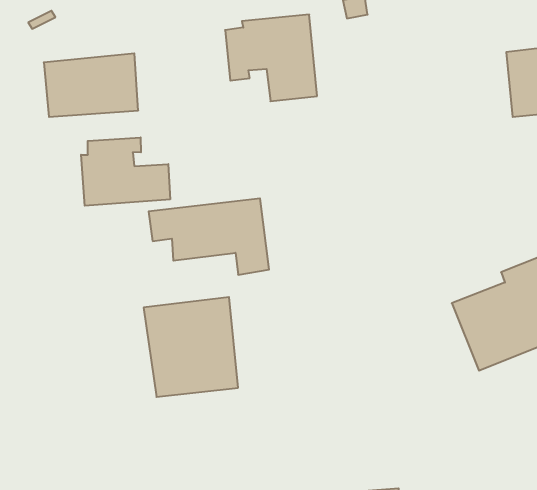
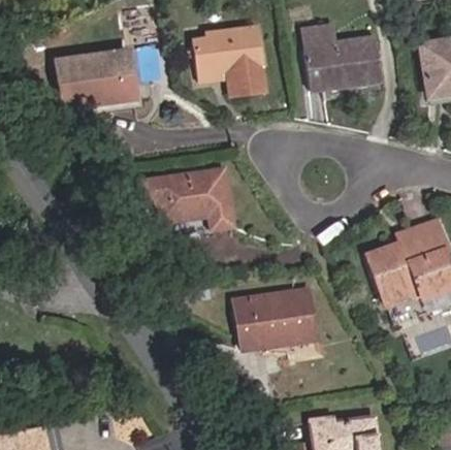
building: none -> [303,39,380,89]
building: [81,137,170,206] -> none
building: [144,297,238,397] -> [235,285,311,364]

